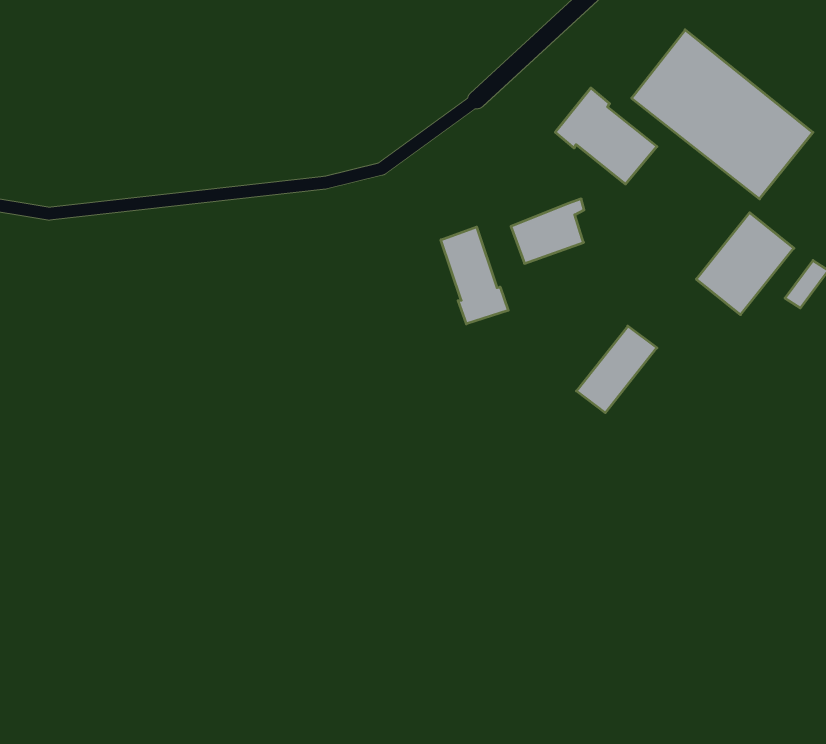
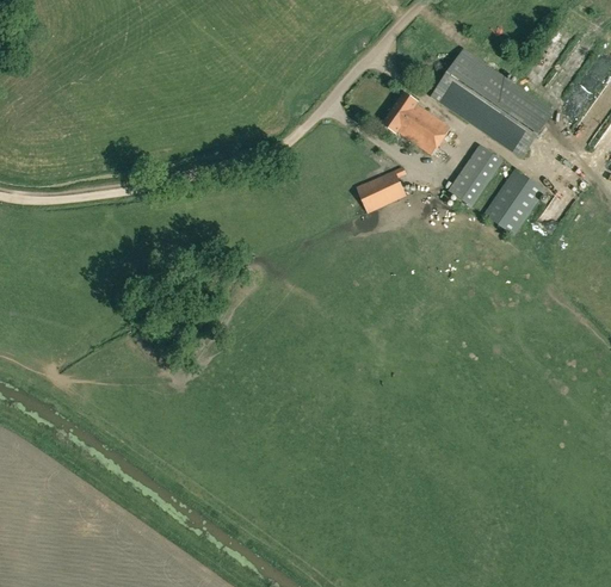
building: [441,227,508,324] -> none
building: [576,326,657,413] -> [451,146,502,204]

